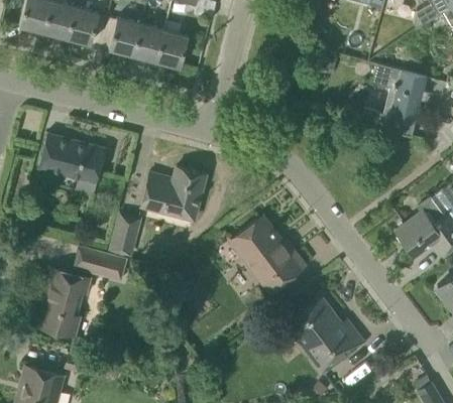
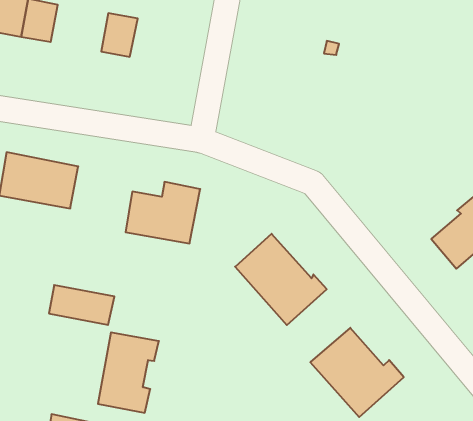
building: [109,18,140,55] -> none
building: [155,20,188,68] -> none
building: [370,63,427,137] -> none
building: [111,215,139,255] -> none
building: [36,268,91,337] -> [98,332,159,413]

